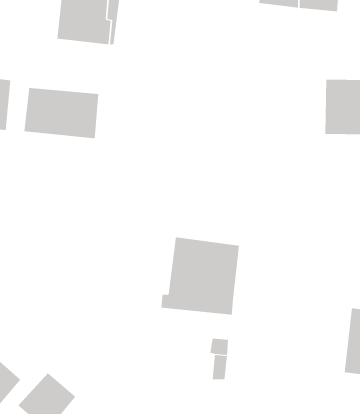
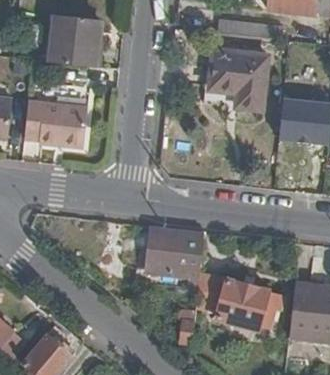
building: none -> [204,48,269,110]
building: none -> [196,275,281,329]

